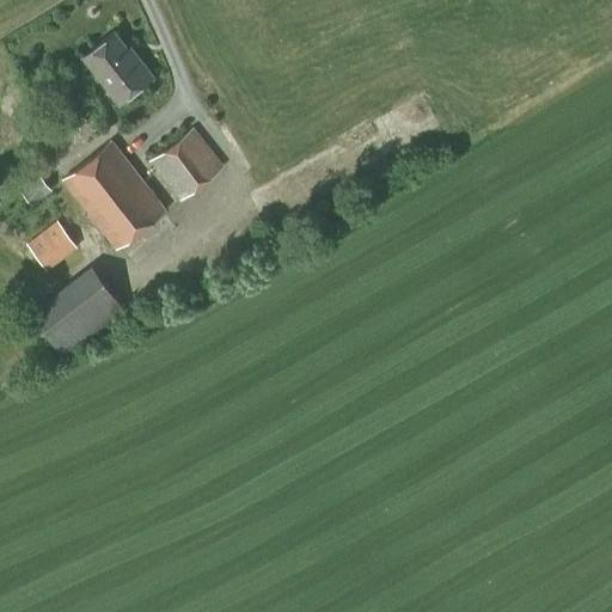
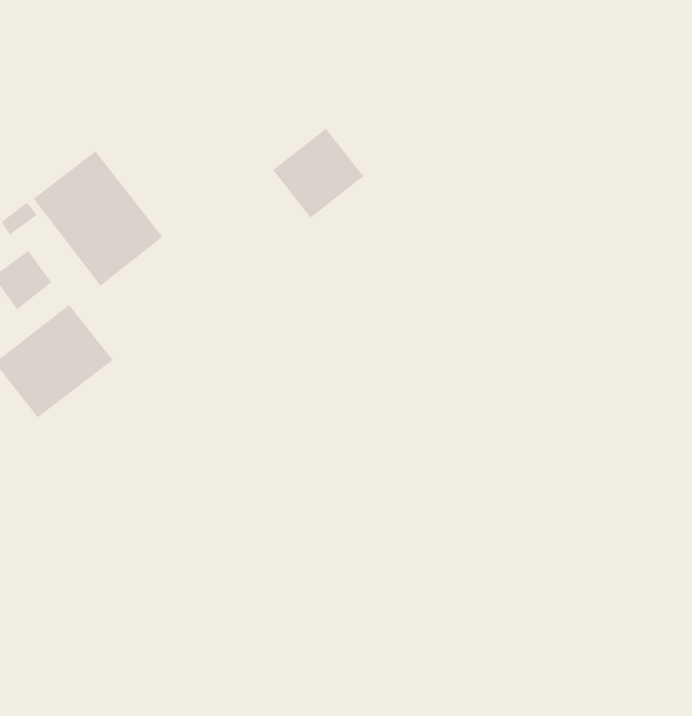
building: [84,35,152,104] -> none
building: [149,128,225,202] -> [272,128,364,219]

